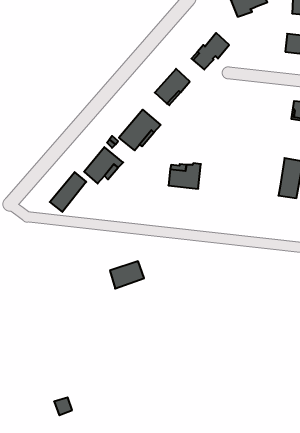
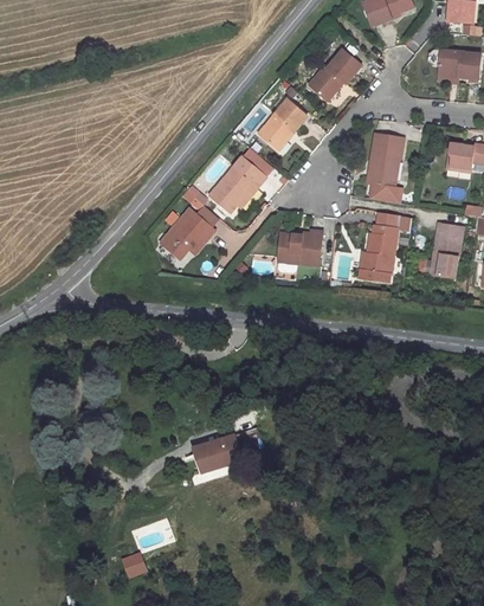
building: none -> [369,131,405,202]
building: none -> [360,211,398,281]
building: [50,172,86,212] -> none
building: [110,261,144,289] -> [191,437,238,475]

